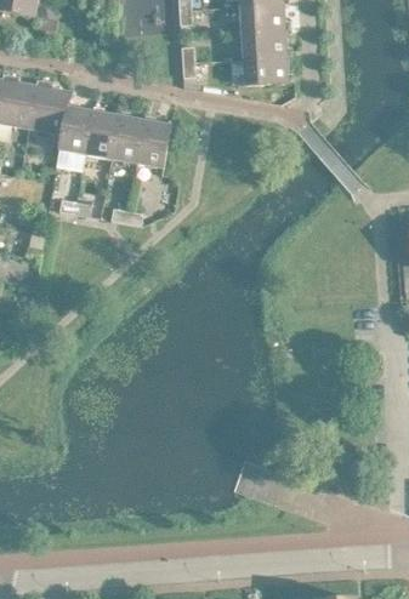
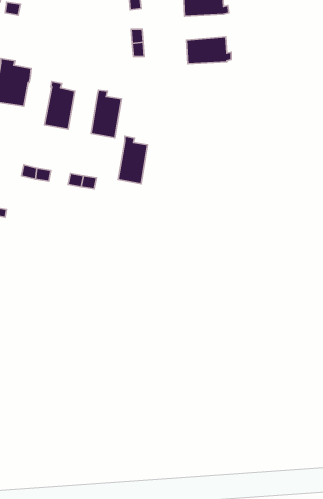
building: [240,30,291,59] -> none
building: [57,102,92,154] -> none
building: [110,110,143,164] -> [118,136,148,184]

